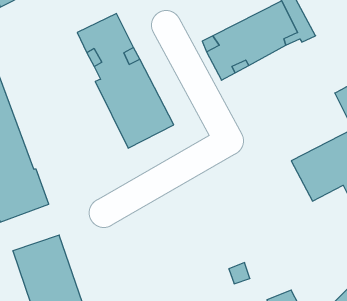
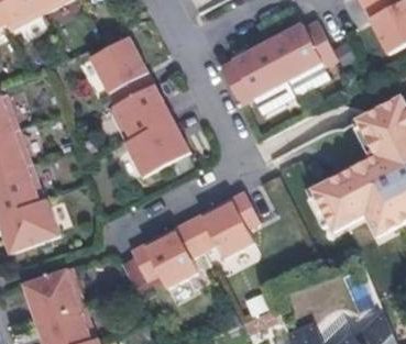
building: none -> [130,190,259,288]

